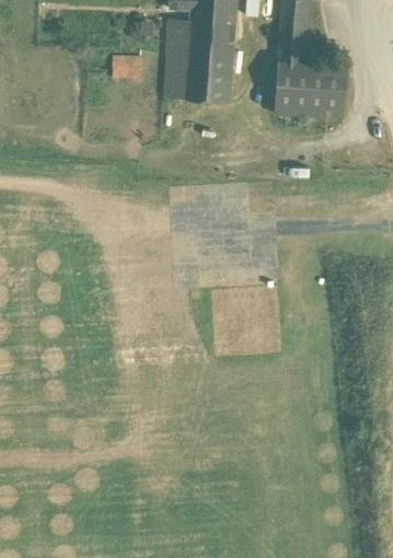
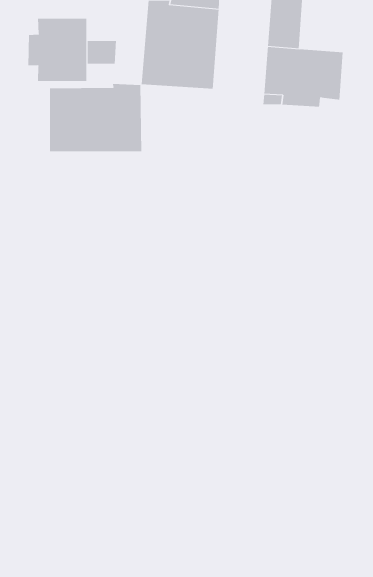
building: none -> [28,18,87,82]
building: none -> [49,83,142,152]

